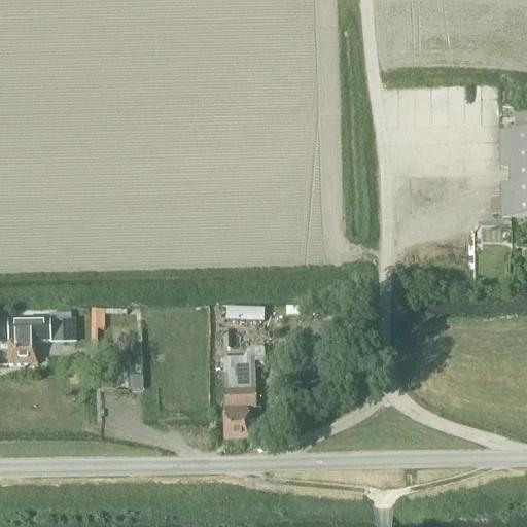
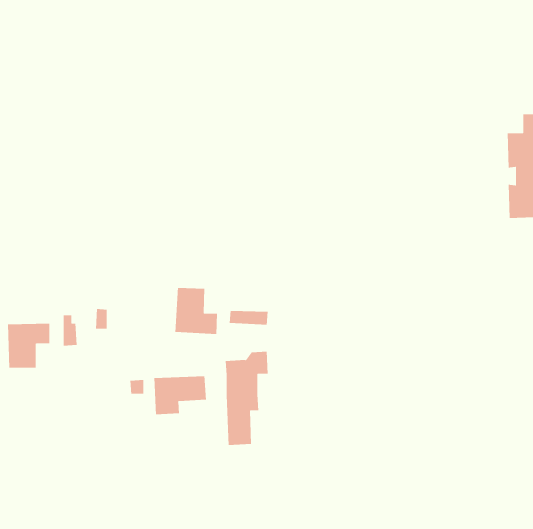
building: none -> [175,287,217,335]
building: none -> [154,375,207,415]

